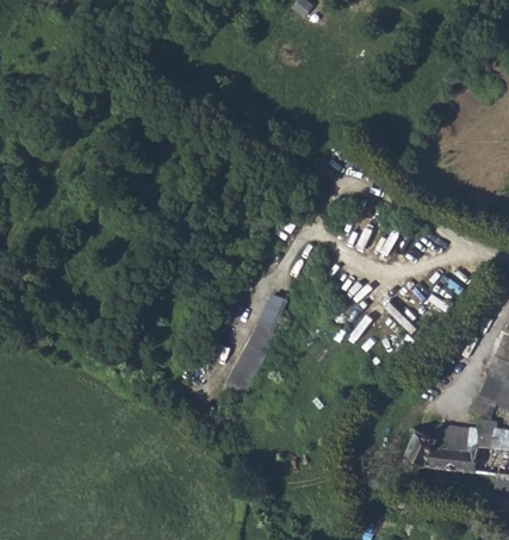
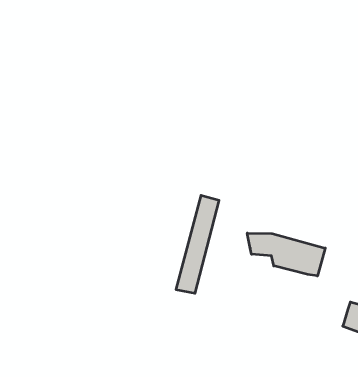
building: none -> [247,233,325,276]

